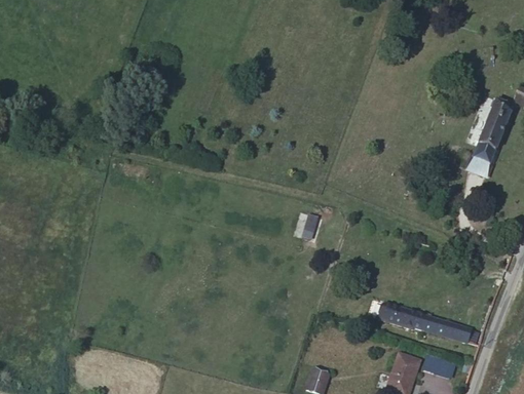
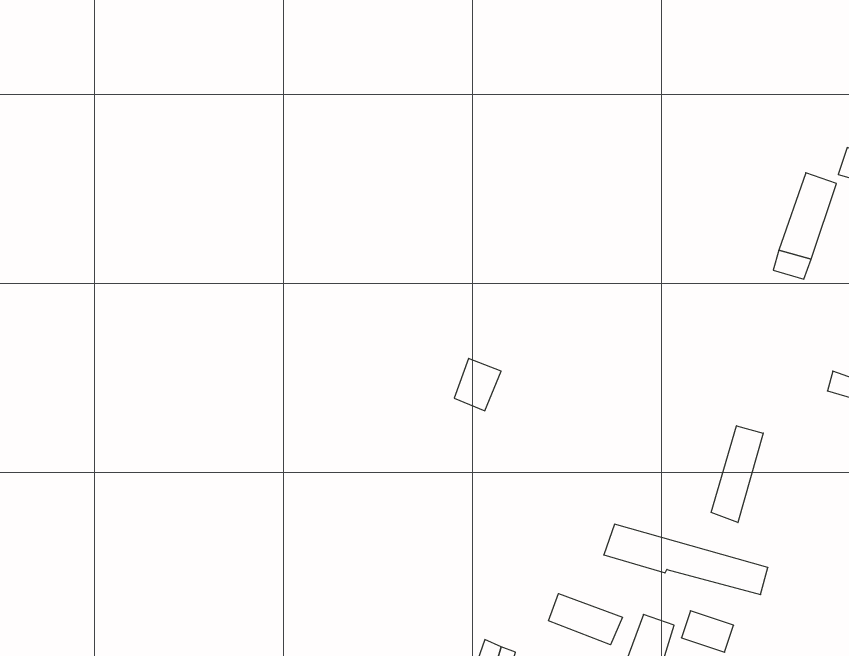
building: none -> [711,426,763,523]
building: none -> [548,594,623,645]

